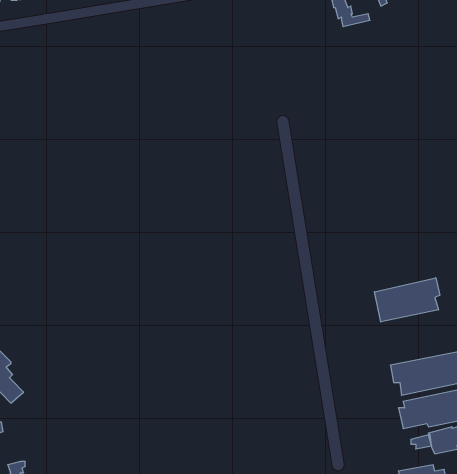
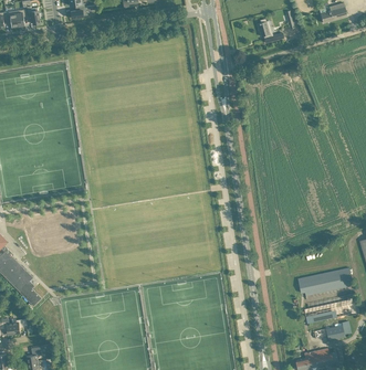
building: [374,278,440,322] -> none

